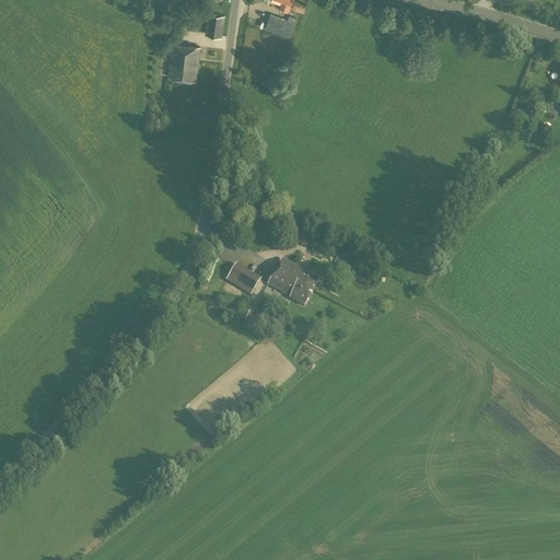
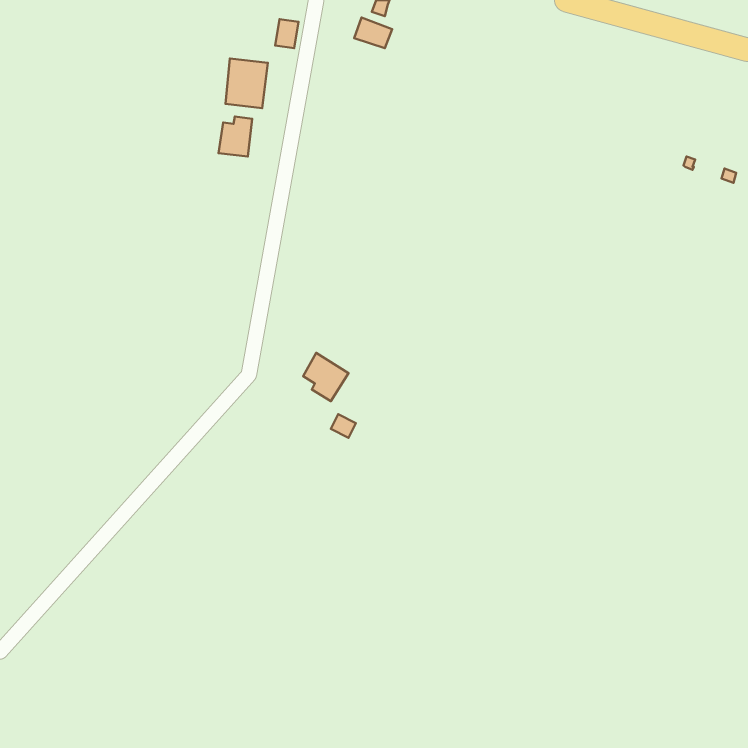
building: none -> [218,116,252,156]
building: [268,259,318,306] -> none

